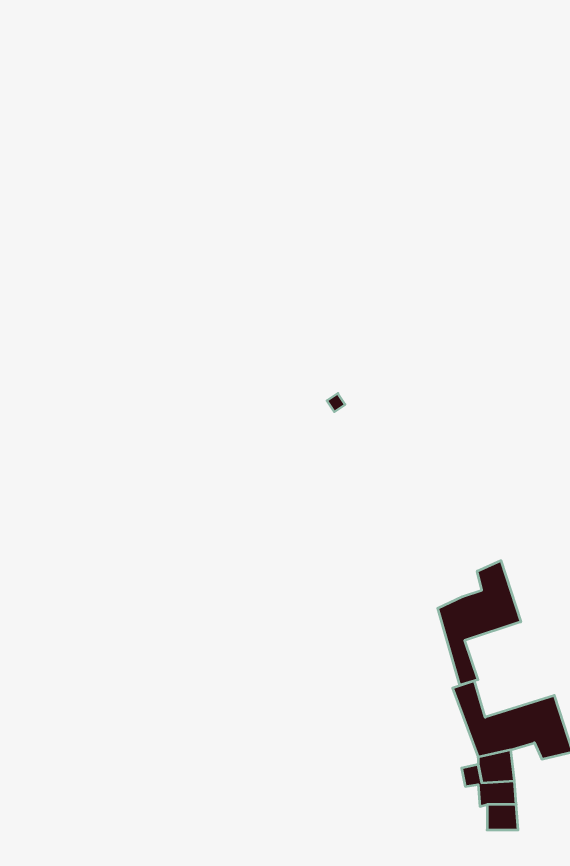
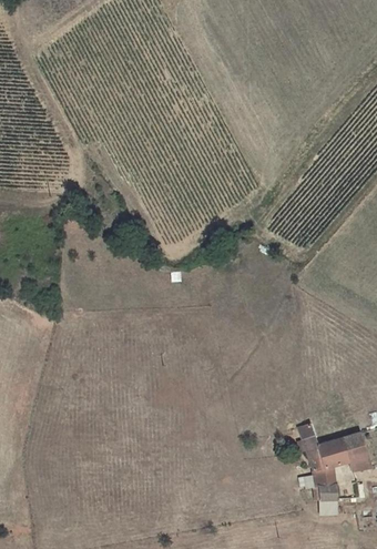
building: [438,561,521,685] -> none

